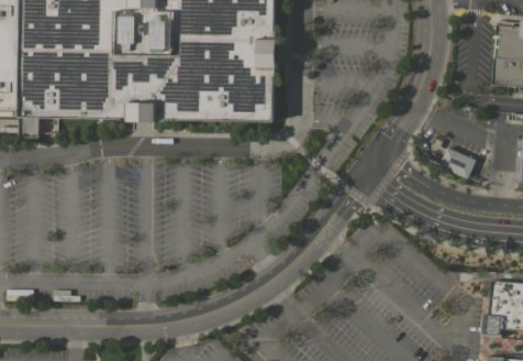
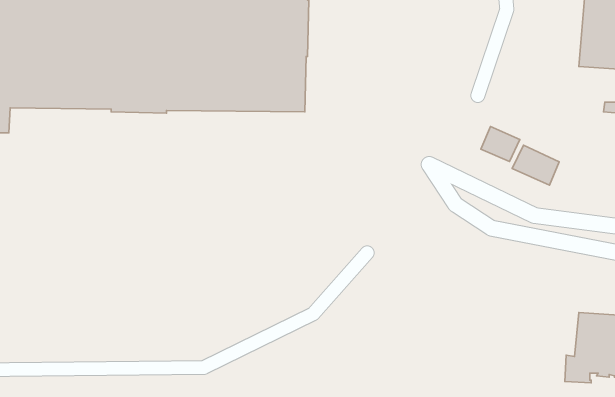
building: none -> [481,126,520,161]

